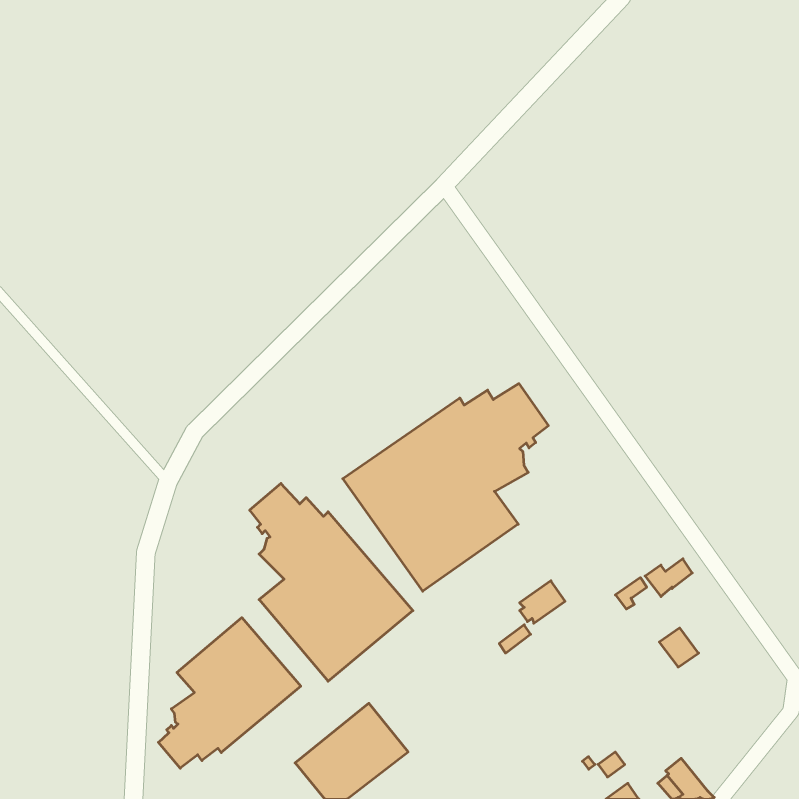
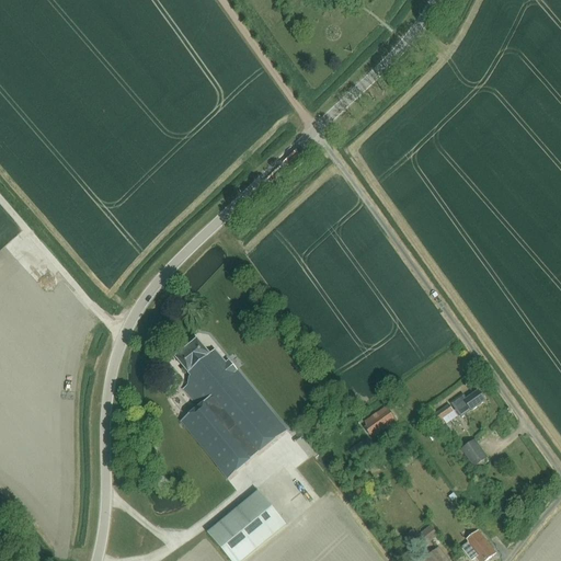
building: [343,384,548,591] -> none
building: [158,618,301,768] -> none

